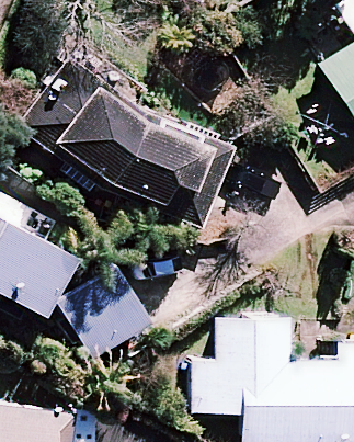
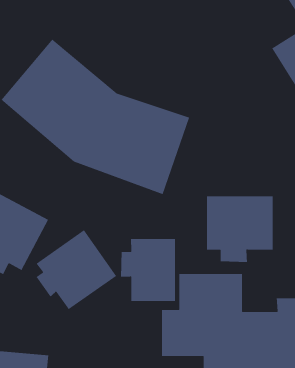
building: none -> [206,196,273,263]
building: none -> [120,238,176,302]

